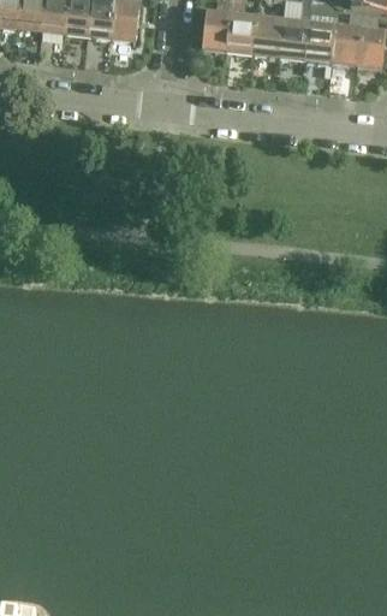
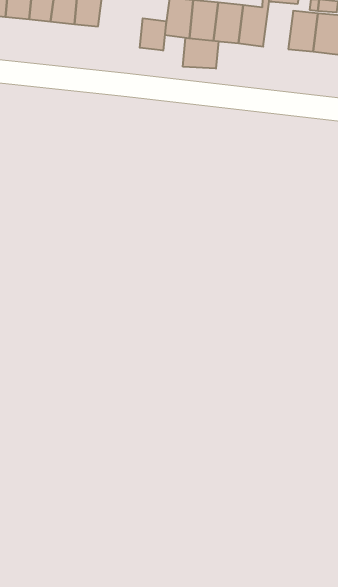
building: [304,22,334,63] -> none
building: none -> [140,18,166,51]
building: none -> [183,38,218,69]

